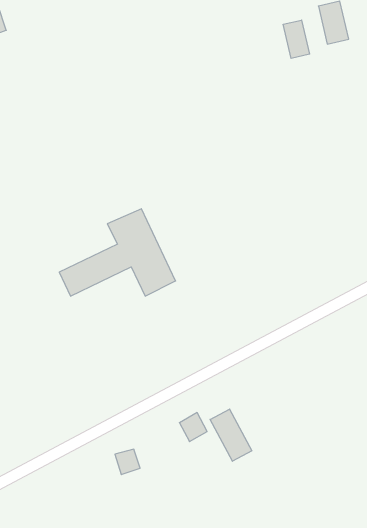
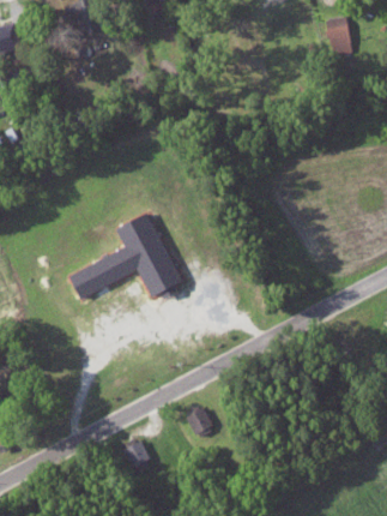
building: [283,20,310,58] -> none
building: [210,409,252,461] -> none

